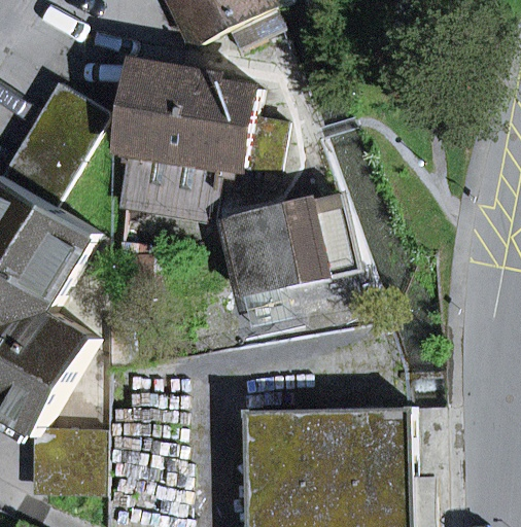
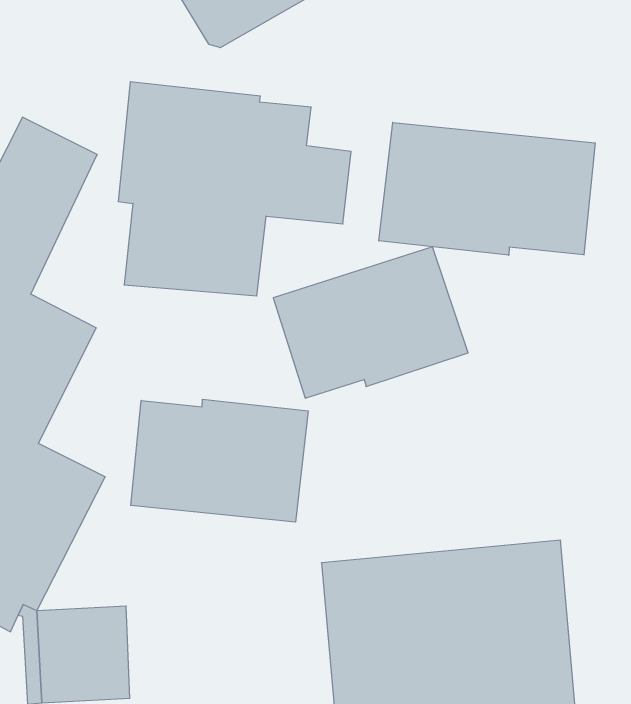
building: none -> [379,122,595,255]
building: none -> [131,399,308,522]

